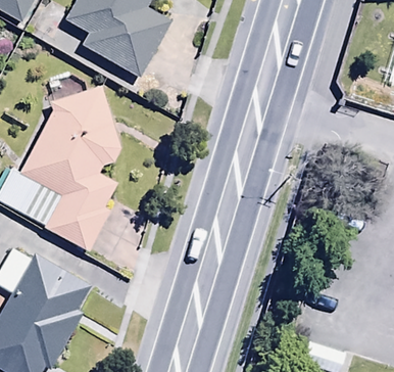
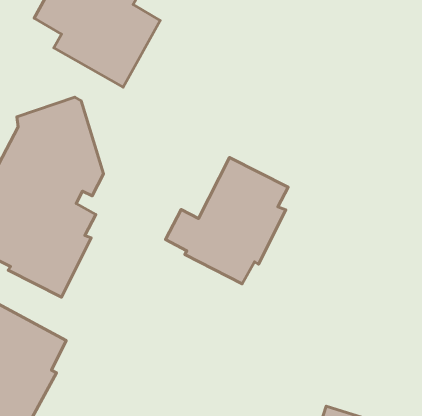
building: none -> [166,157,288,284]

